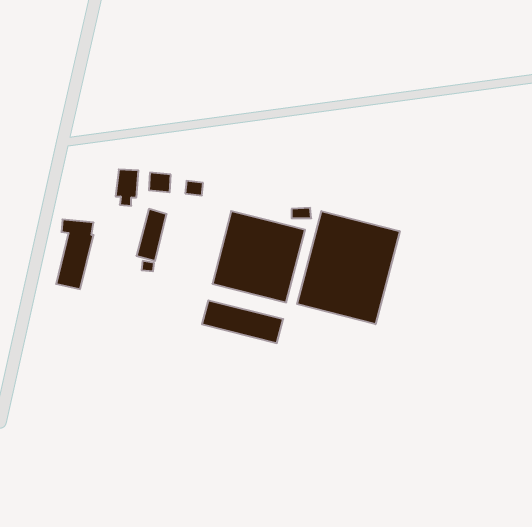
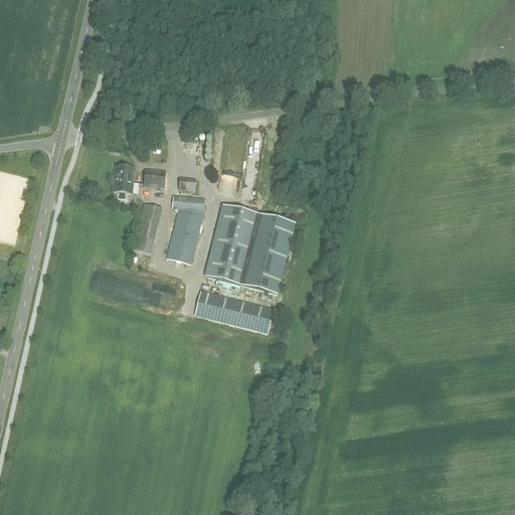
building: [297,211,400,324] -> none
building: [56,219,94,289] -> [167,194,203,262]

